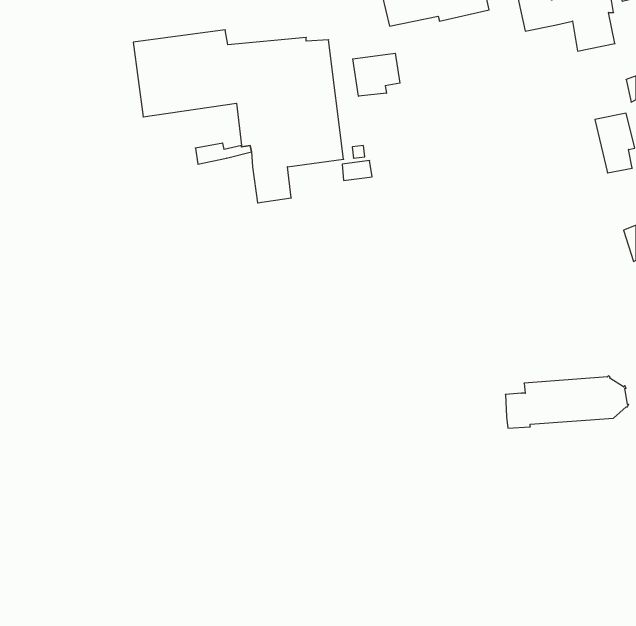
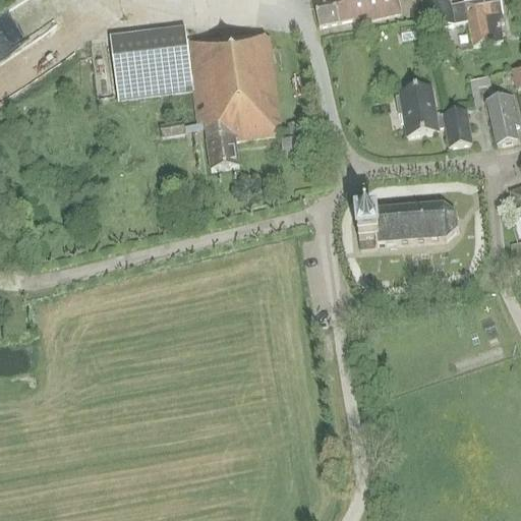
building: [353,53,400,96] -> none
building: none -> [394,82,471,143]
building: [505,376,629,428] -> [357,201,458,244]

